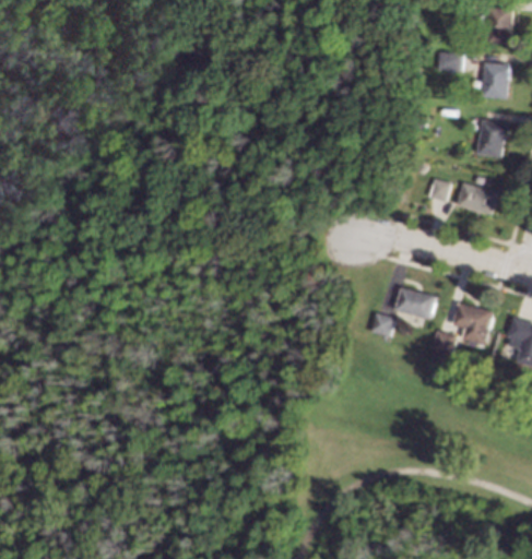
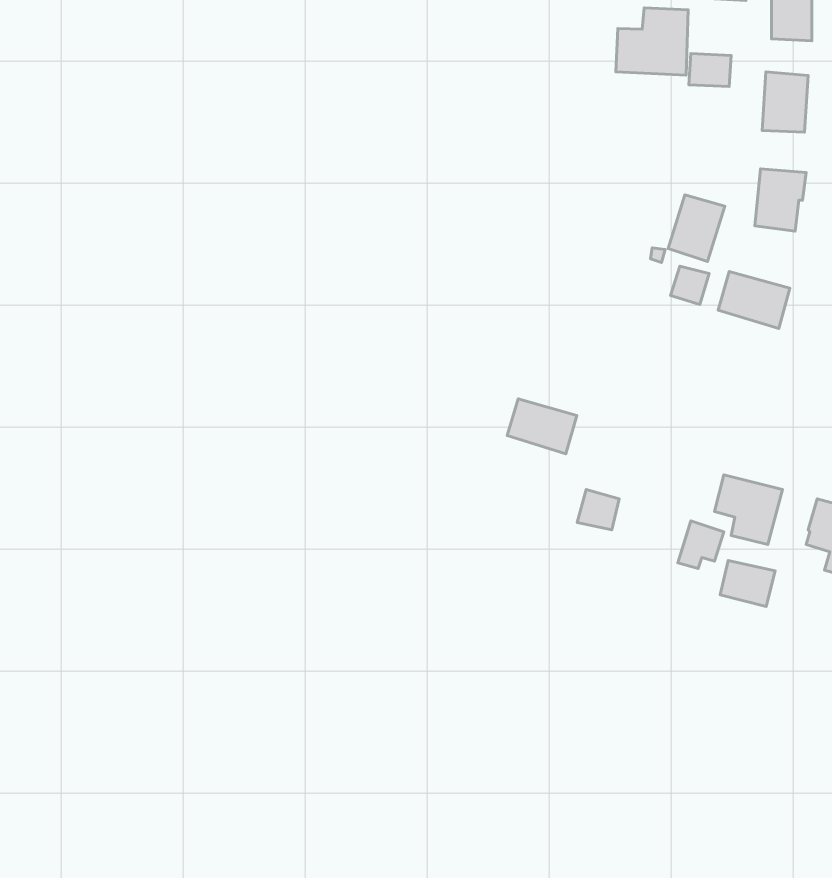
building: none -> [616,8,688,75]
building: none -> [668,195,725,262]
building: [395,287,437,320] -> [507,399,577,454]
building: none -> [720,561,775,606]

